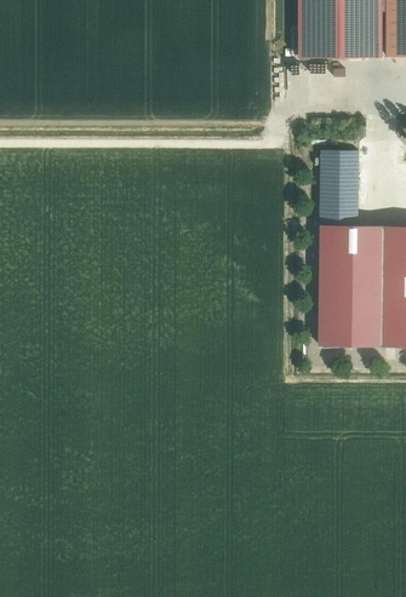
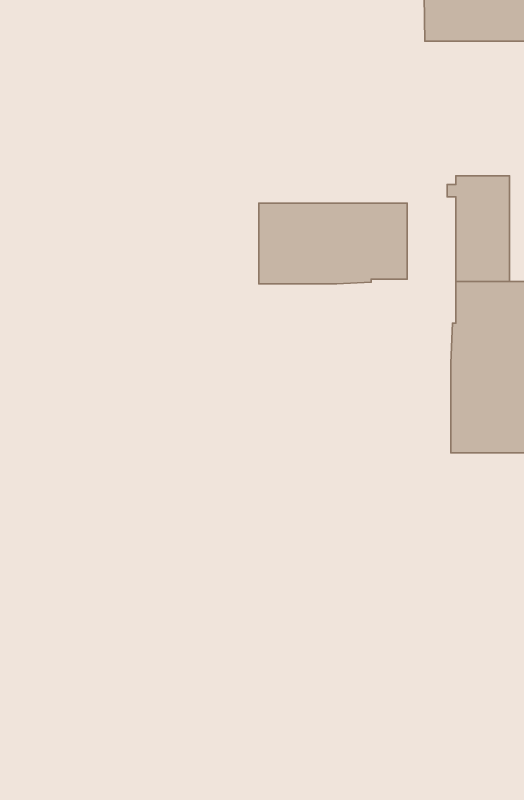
building: none -> [259,203,407,284]

